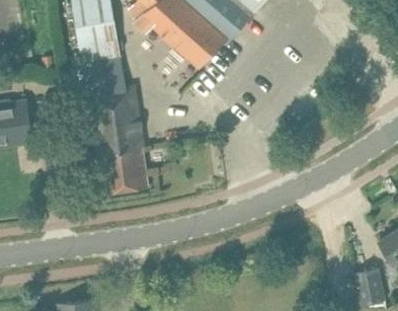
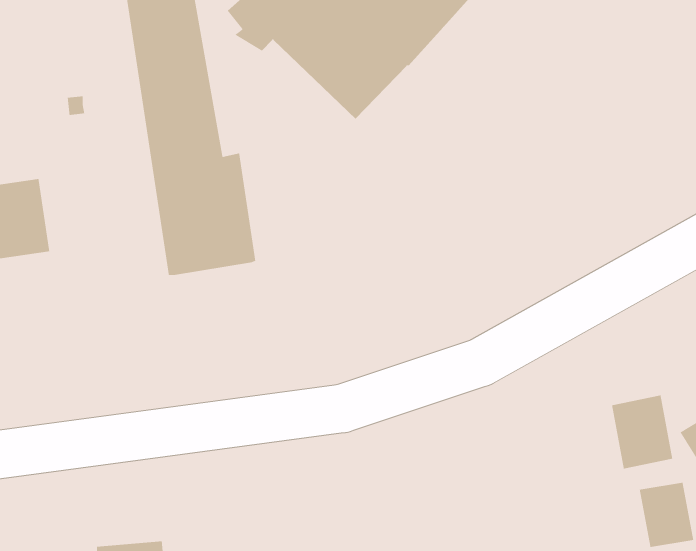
building: [99,148,148,193] -> none
building: none -> [611,394,673,469]

